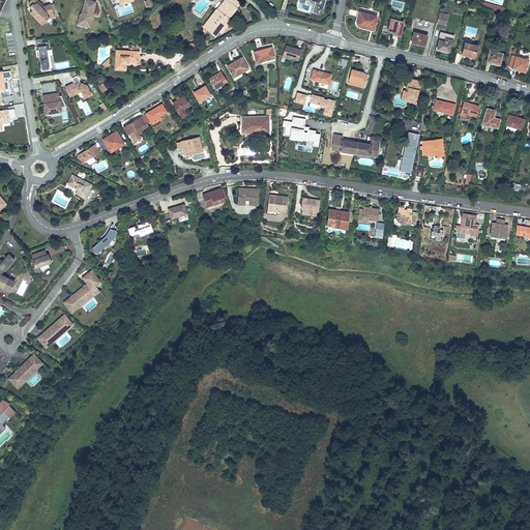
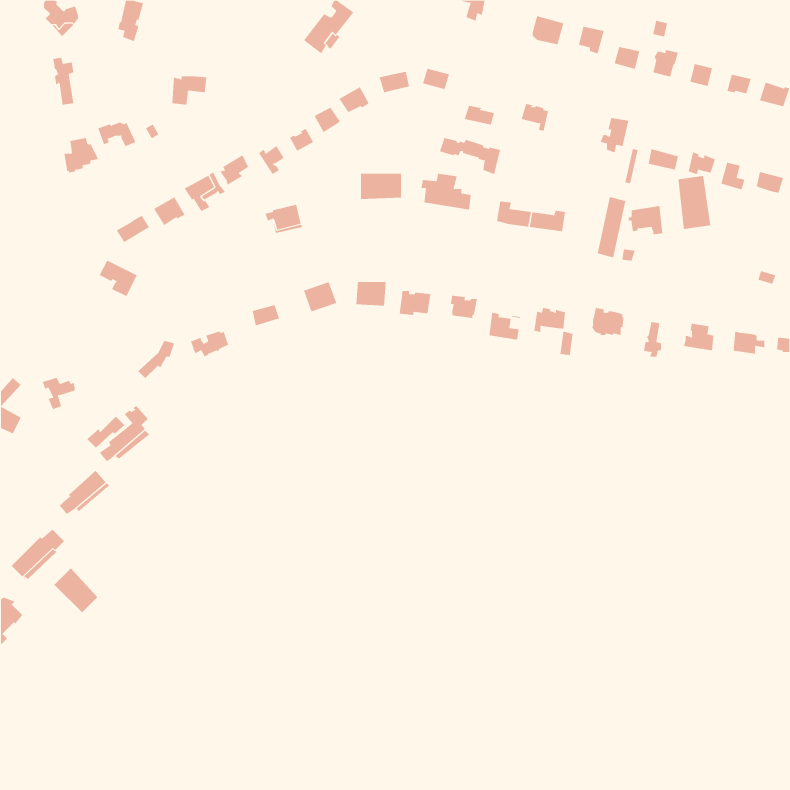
building: none -> [678,175,711,230]
building: none -> [54,568,98,613]

